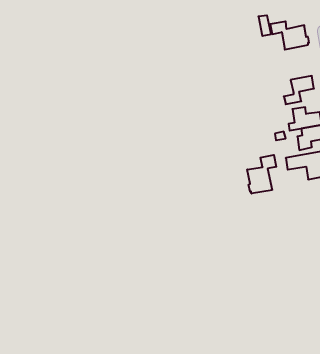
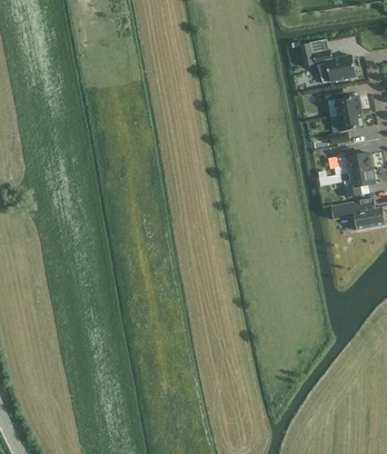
building: none -> [325,88,361,117]
building: [247,155,276,194] -> none

